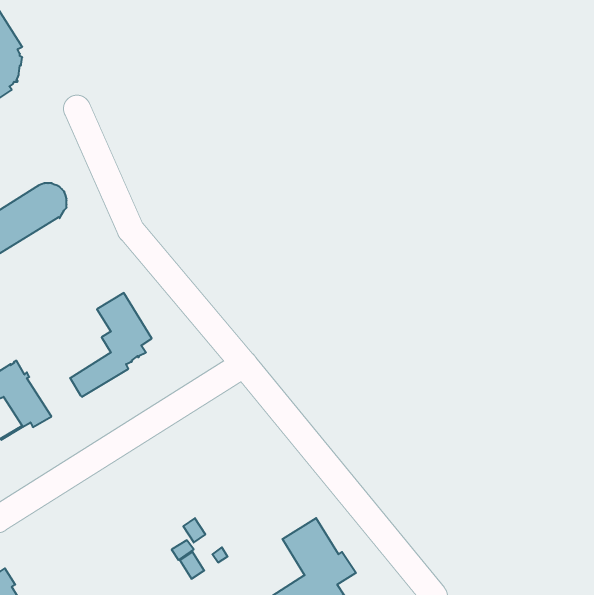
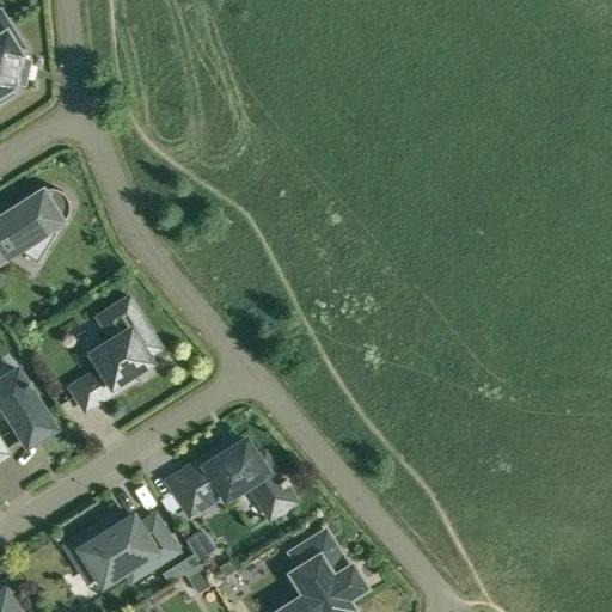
building: none -> [173,439,292,518]
building: none -> [65,516,175,581]

